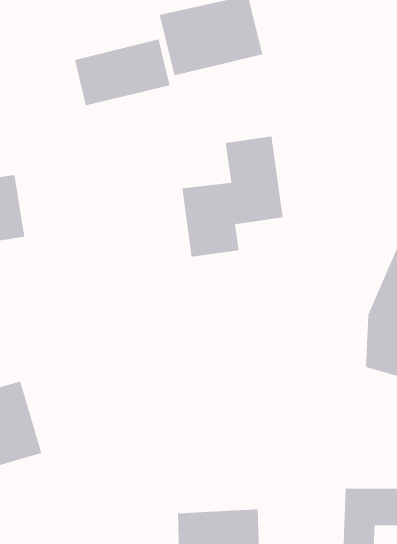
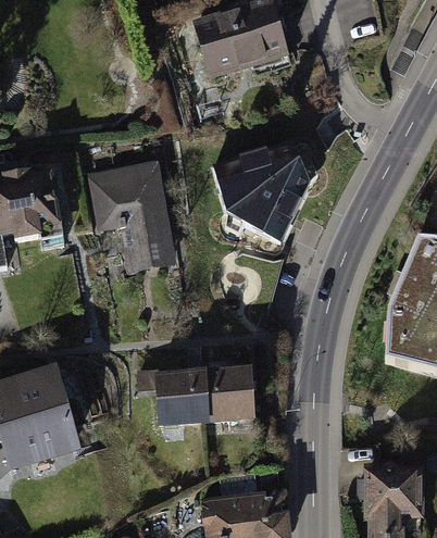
building: [74,38,170,106] -> none
building: none -> [97,162,176,268]
building: none -> [153,371,254,423]

